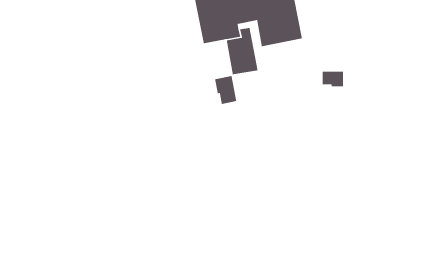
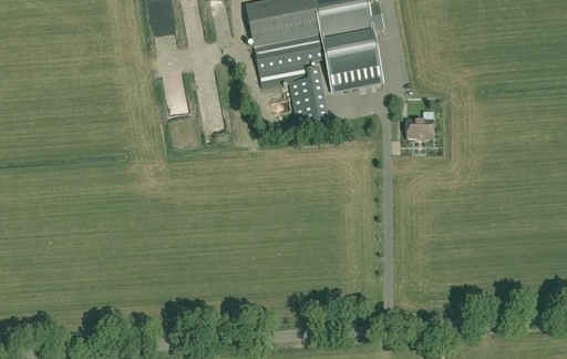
building: [214,75,237,105] -> none

